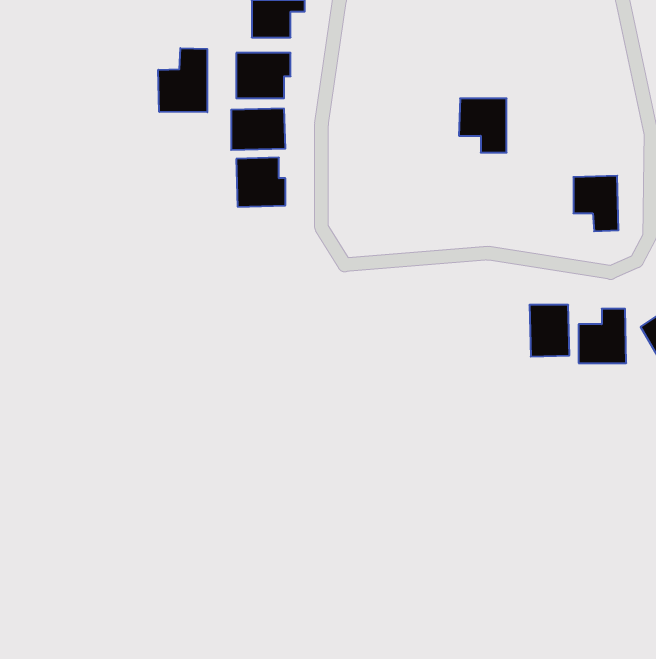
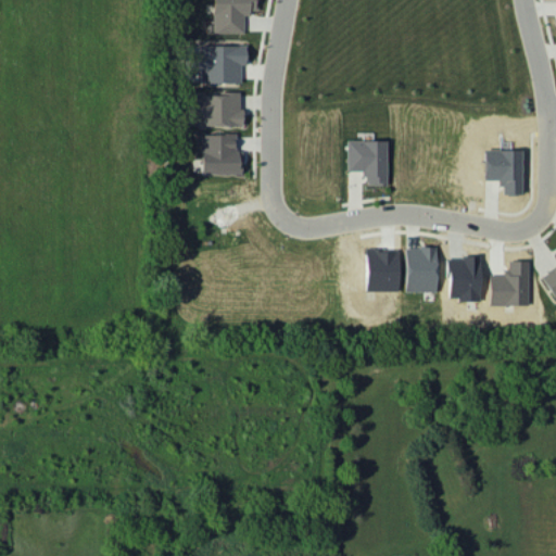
building: [158,48,207,112] -> none
building: [459,98,507,153] -> [348,140,388,186]
building: none -> [406,248,438,292]
building: none -> [366,250,399,292]

